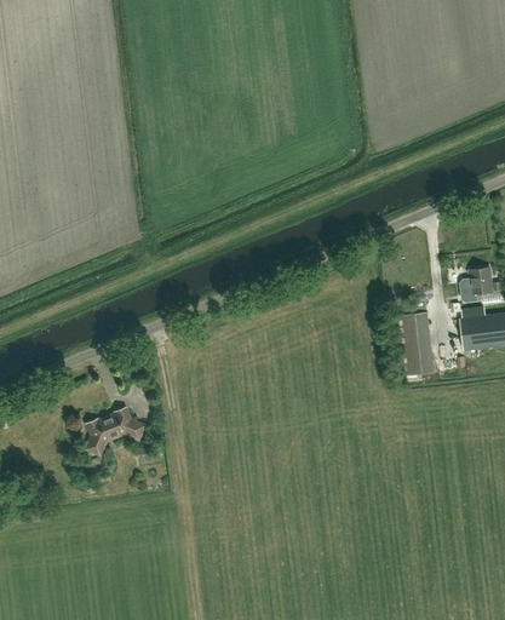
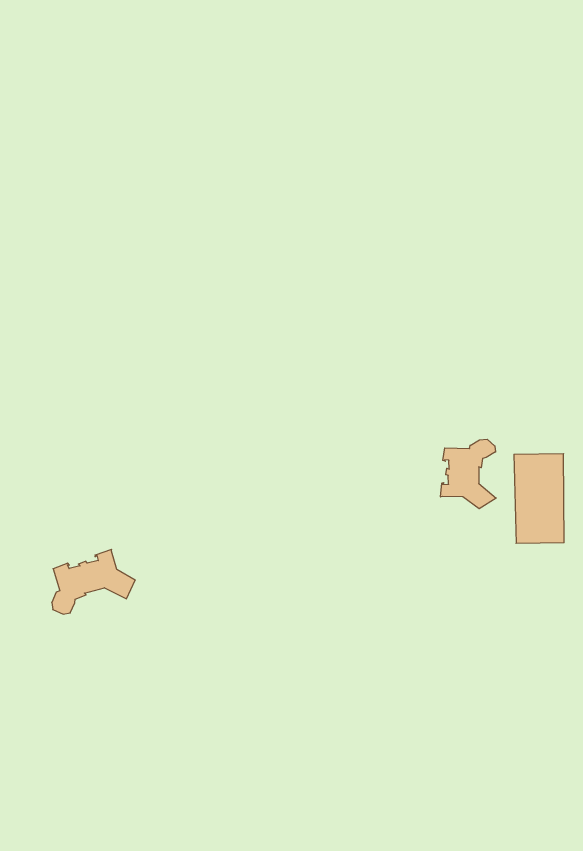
building: none -> [441,439,496,509]

